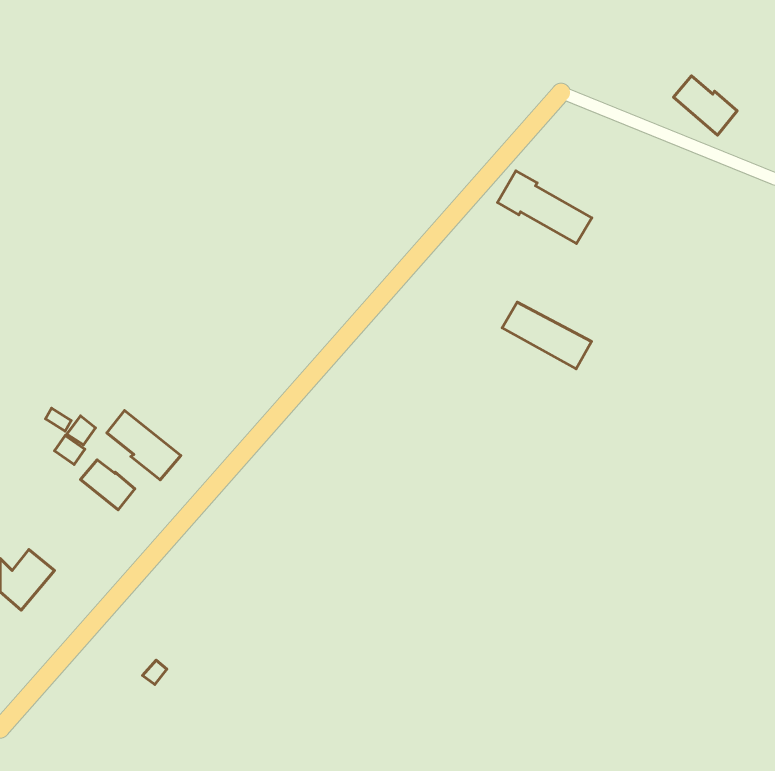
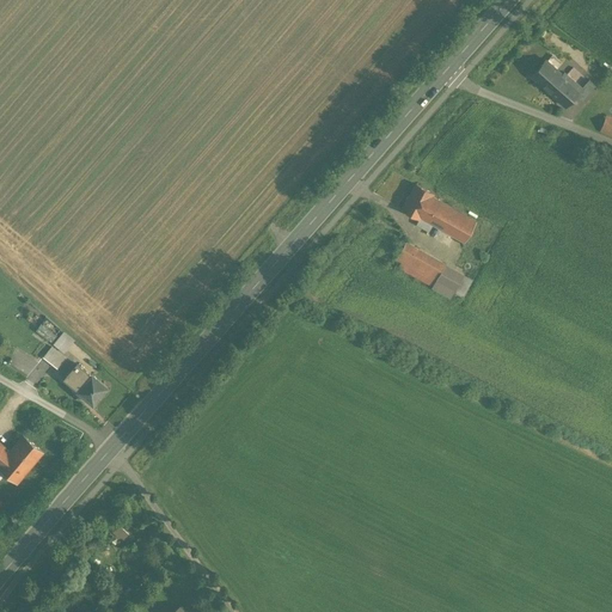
building: [498,171,592,244] -> [402,188,476,245]
building: [107,410,181,480] -> none

